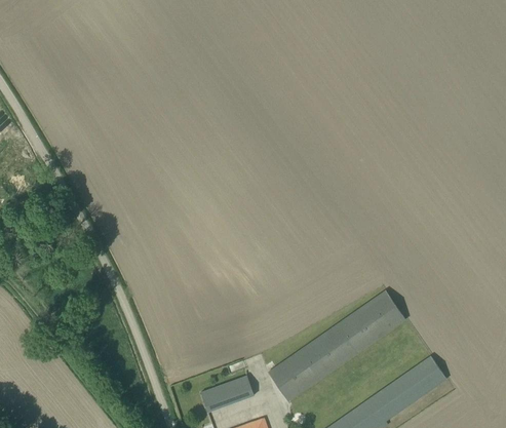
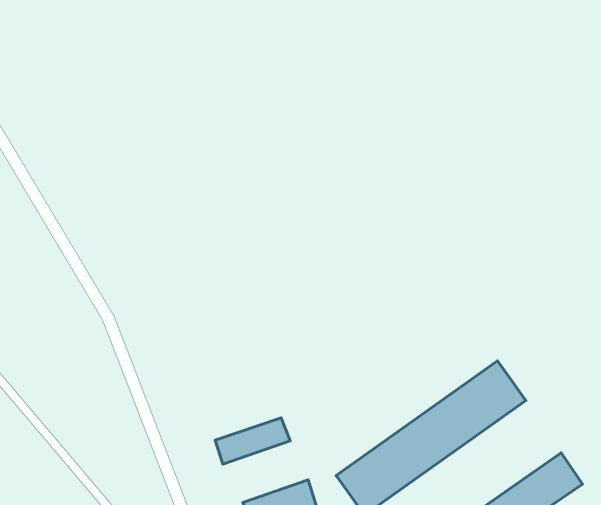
building: none -> [215,418,290,464]

